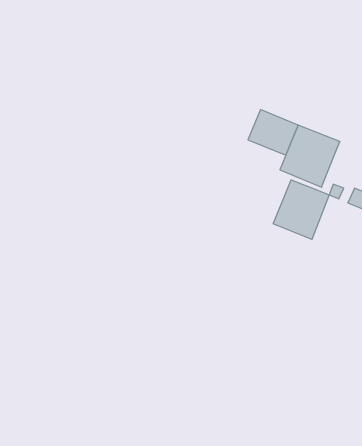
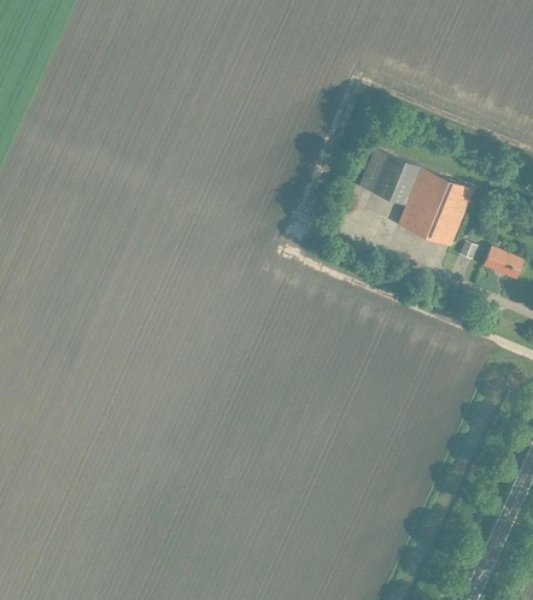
building: [273,180,329,239] -> none

